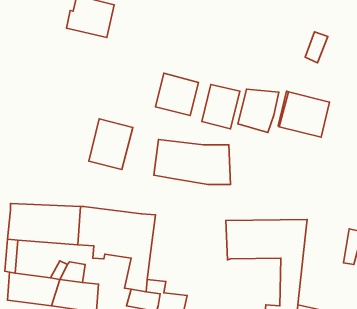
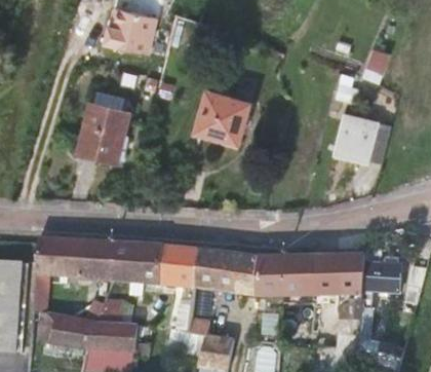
building: [202,85,240,129] -> none
building: [238,89,279,132] -> none
building: [89,119,133,170] -> [79,104,127,159]
building: [154,139,231,184] -> [194,248,278,297]
building: none -> [361,262,399,291]

